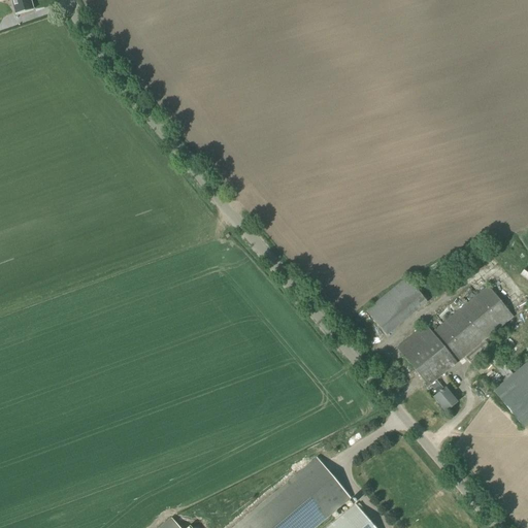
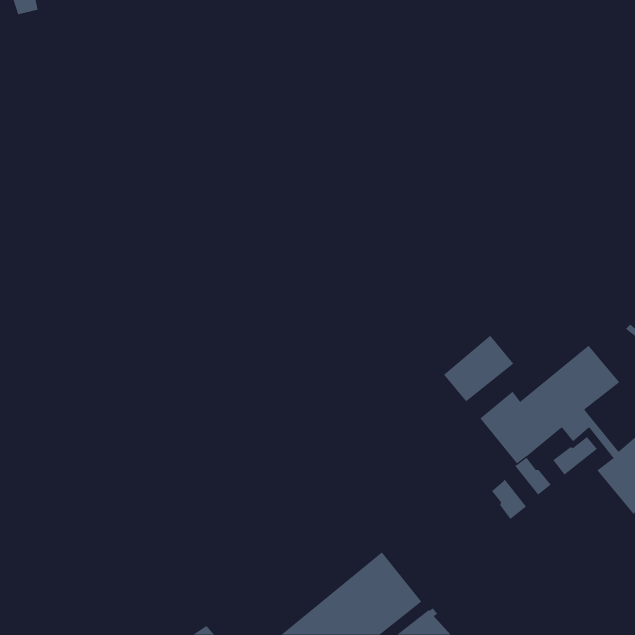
building: none -> [553,436,598,475]
building: none -> [491,479,527,520]

